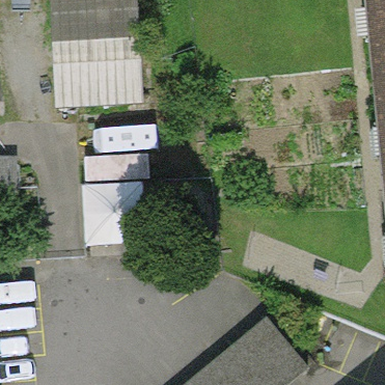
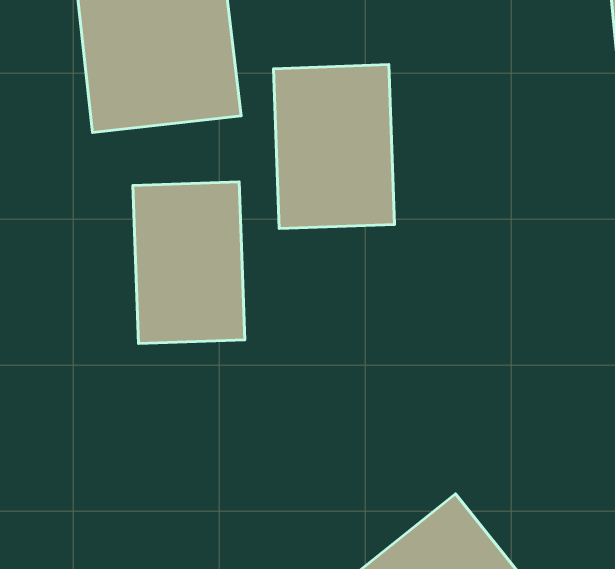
building: none -> [273,65,395,228]

